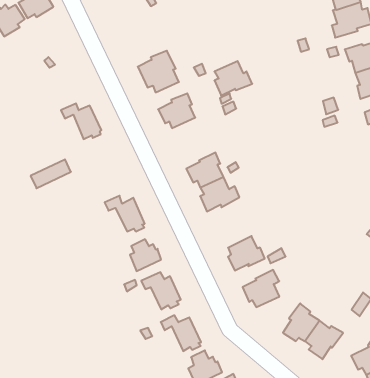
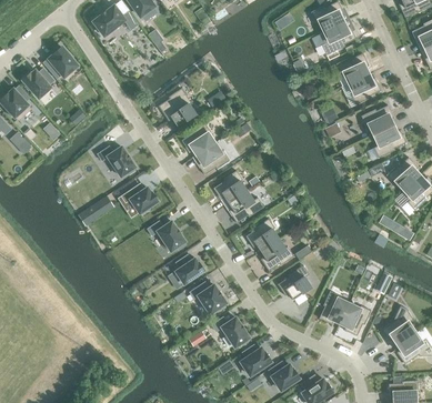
building: [214,61,252,96] -> [195,143,230,175]
building: none -> [120,184,158,214]
building: none -> [245,219,279,252]

